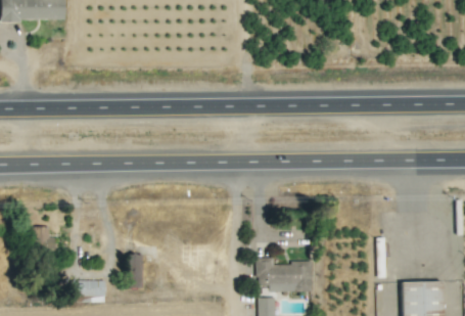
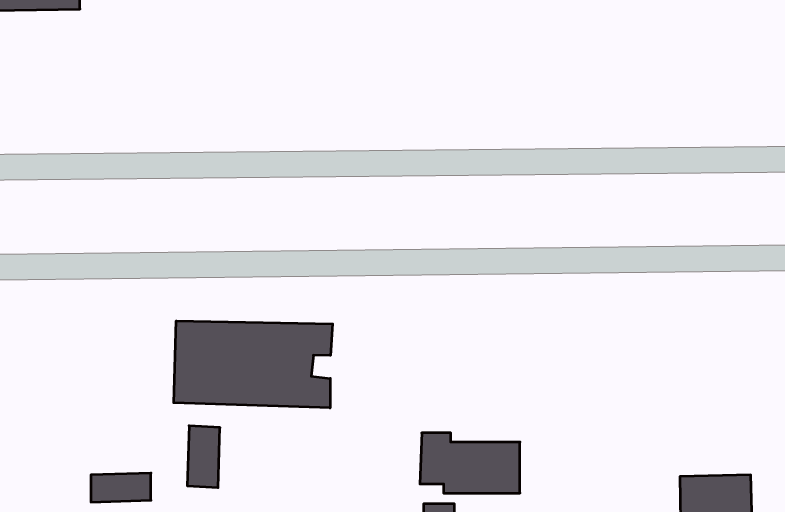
building: none -> [174,321,333,408]
building: [32,226,55,251] -> none

